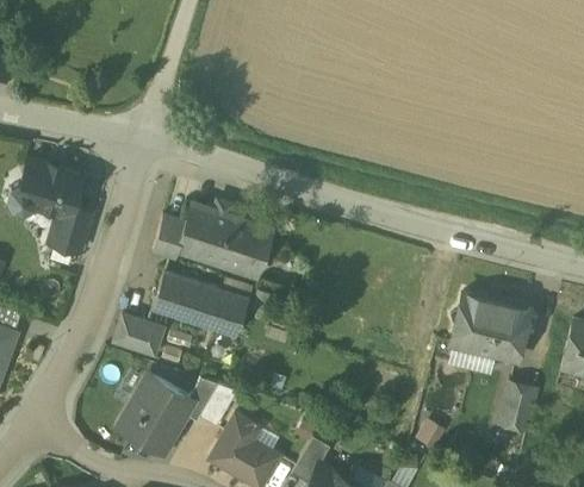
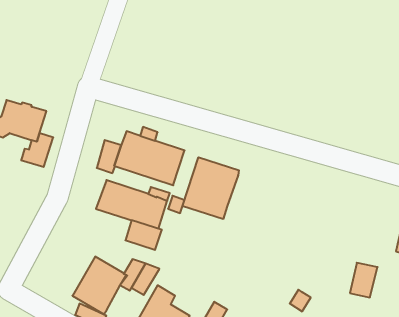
building: none -> [183,157,239,219]
building: [452,294,529,361] -> none
building: [114,316,164,356] -> [125,220,162,250]

